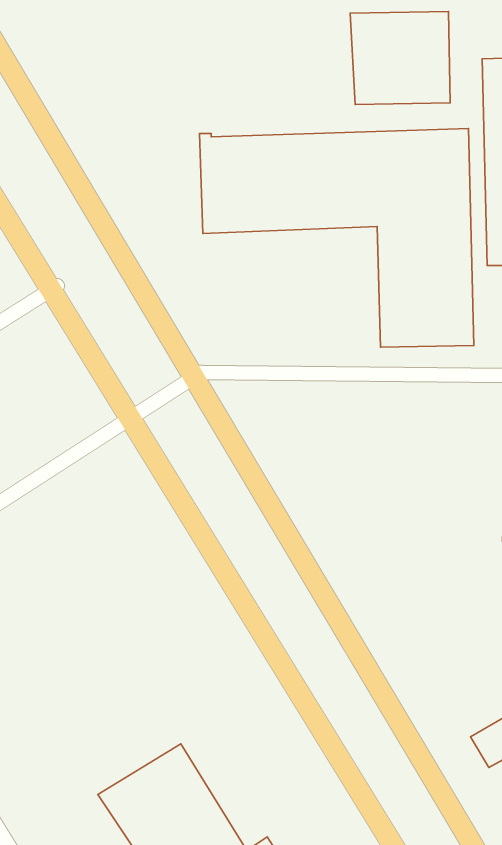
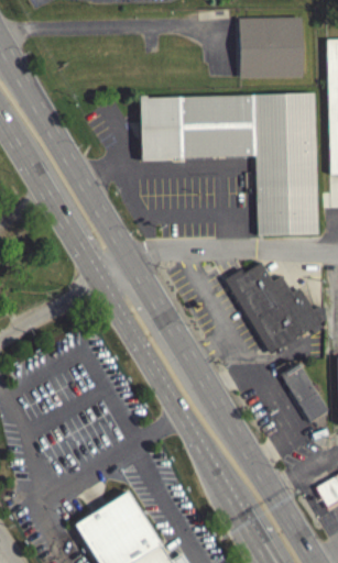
building: none -> [223,262,327,354]
building: none -> [280,362,329,422]

